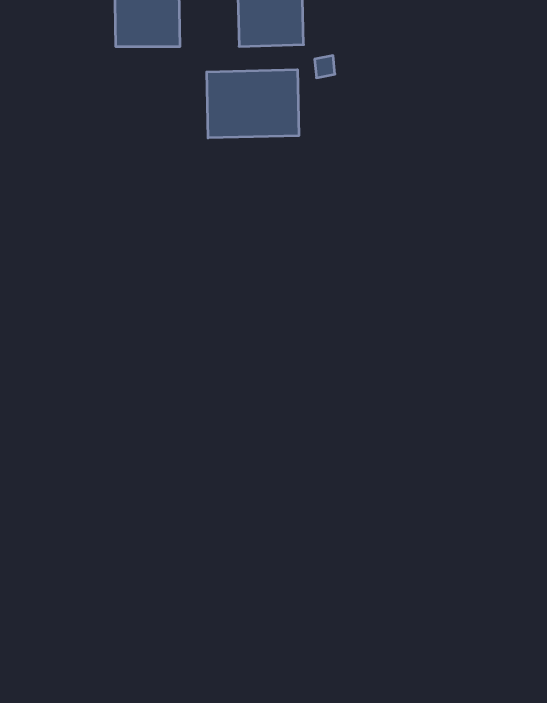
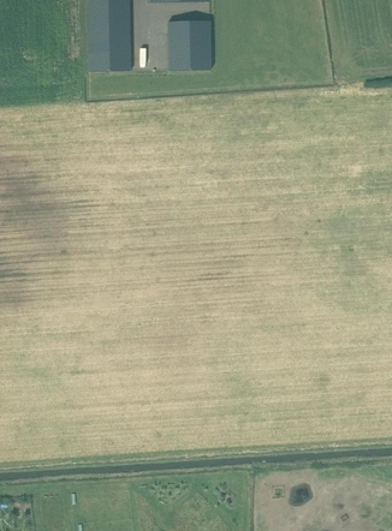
building: [207,70,299,138] -> none

